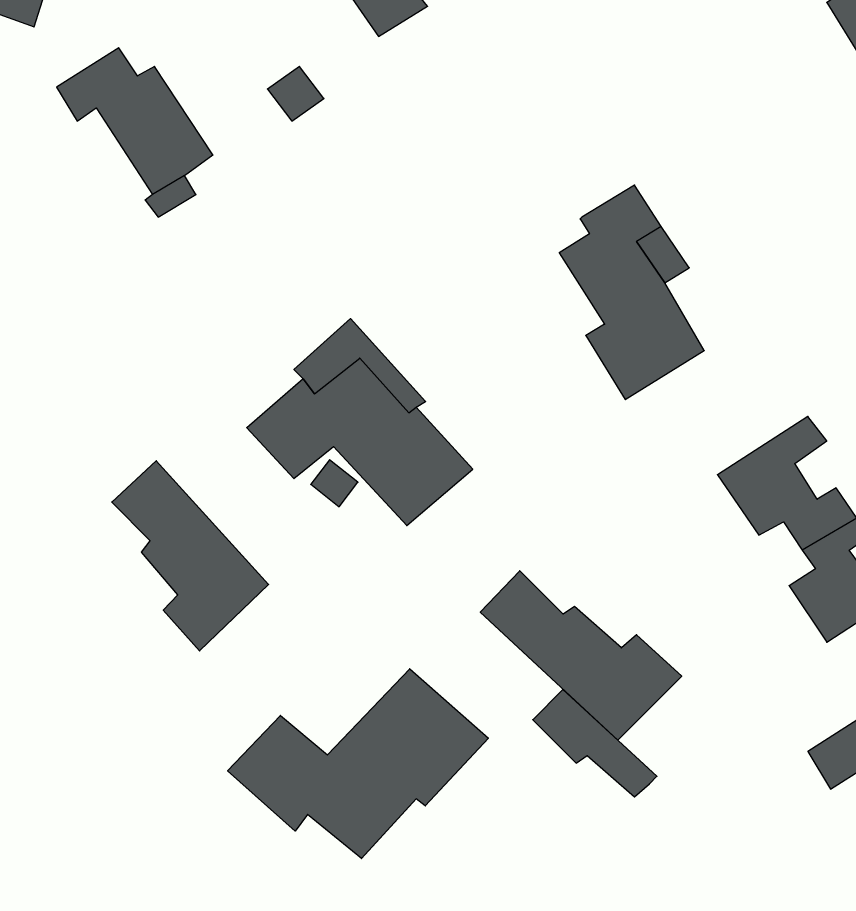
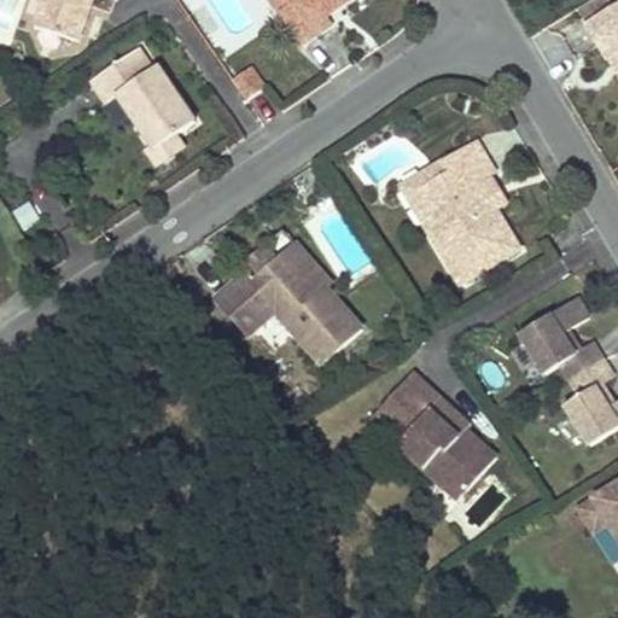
building: none -> [401,165,448,240]
building: [112,461,269,651] -> none
building: [228,669,488,859] -> none
building: [533,690,657,797] -> [393,372,473,441]

